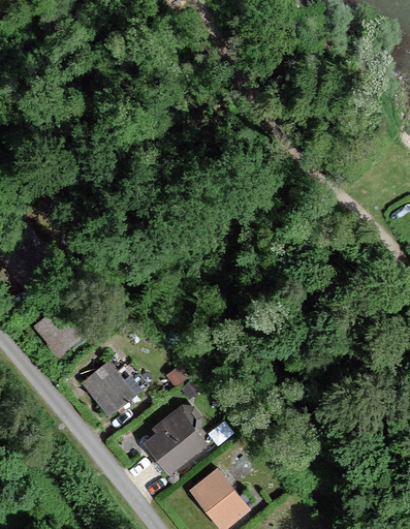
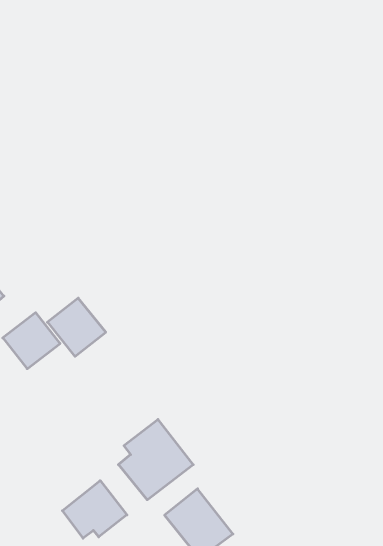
building: [81,362,135,416] -> [47,298,106,356]
building: none -> [62,481,127,538]

